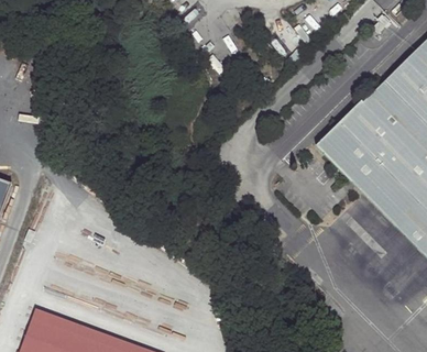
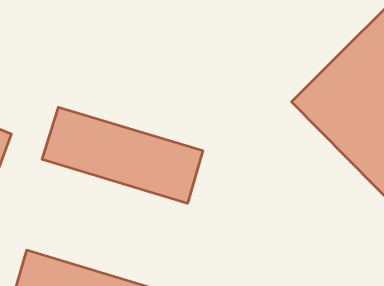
building: none -> [42,107,203,203]

